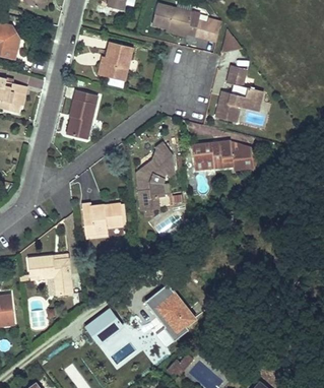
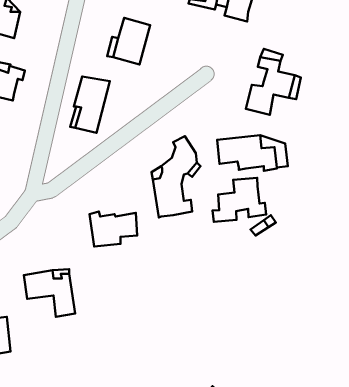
building: none -> [212,178,266,222]
building: [145,286,197,347] -> none
building: [84,310,124,346] -> none

